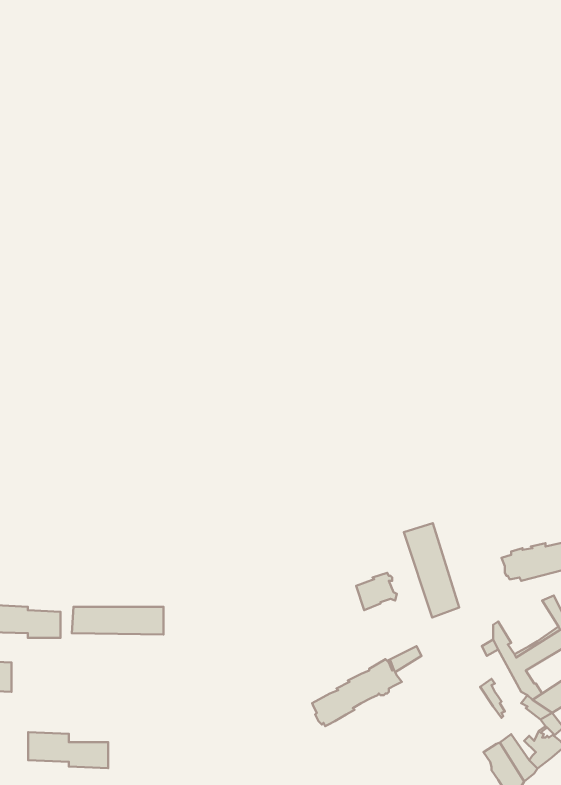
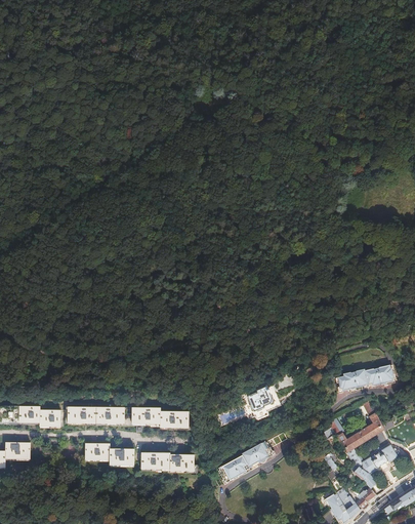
building: [404,523,459,617] -> none
building: none -> [132,407,190,434]
building: none -> [142,452,195,472]
building: [28,732,108,768] -> [85,443,135,466]

